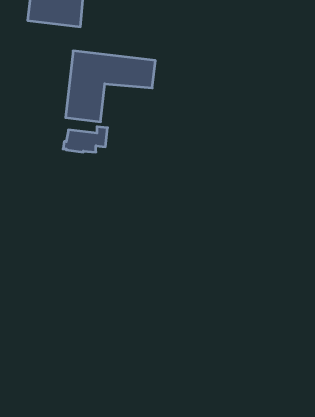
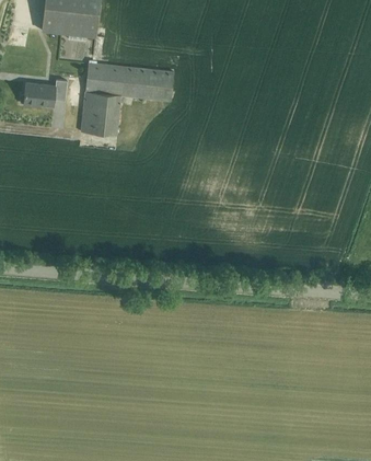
building: [63,127,108,152] -> [21,79,67,105]

